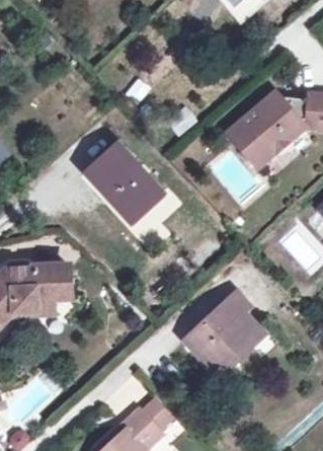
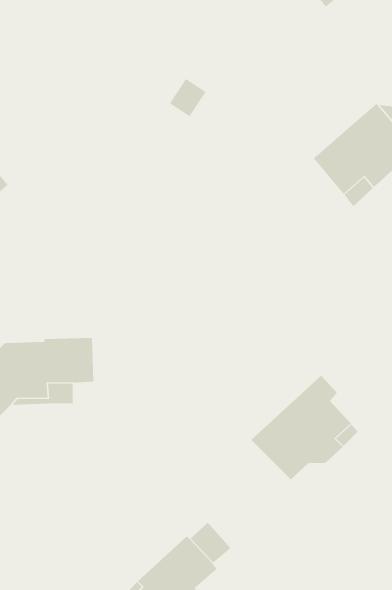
building: [85,143,162,220] -> none

